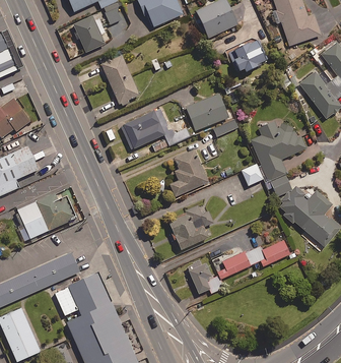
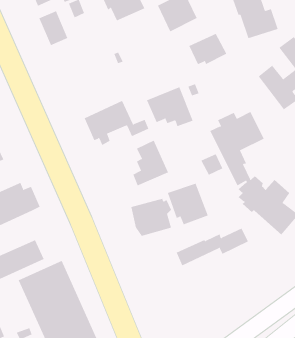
building: [100,54,139,105] -> none
building: none -> [167,183,209,225]
building: [188,258,210,293] -> none

